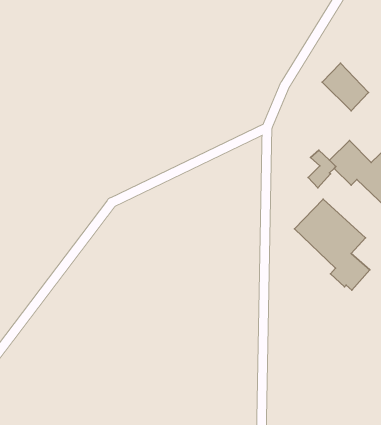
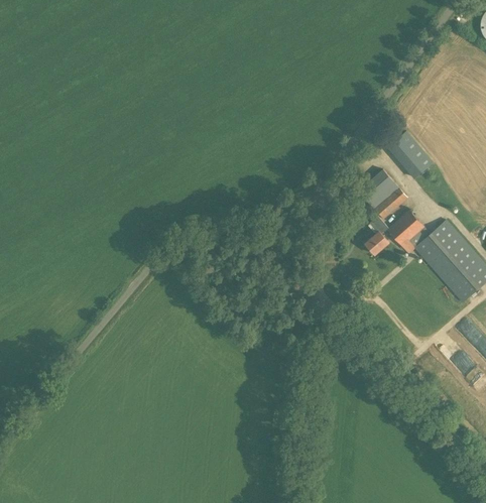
building: none -> [357,167,407,218]
building: [294,199,370,290] -> none

